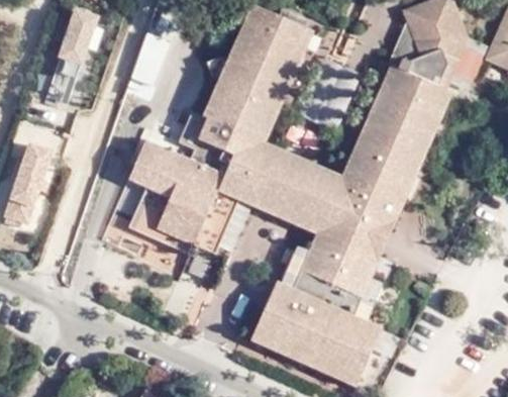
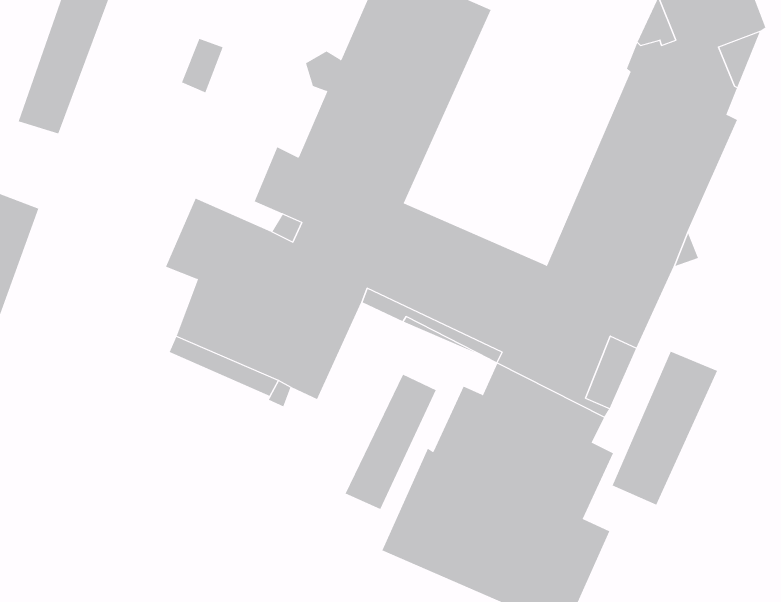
building: none -> [612,351,718,506]
building: none -> [345,374,437,510]

